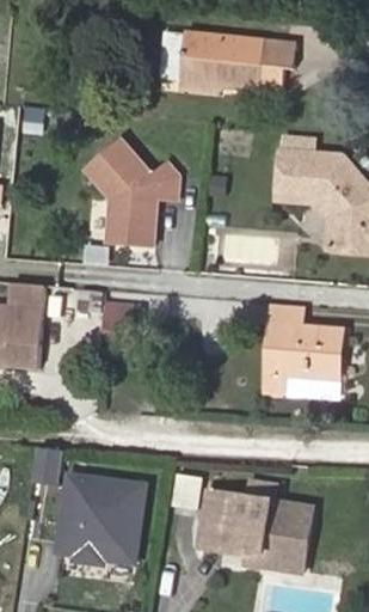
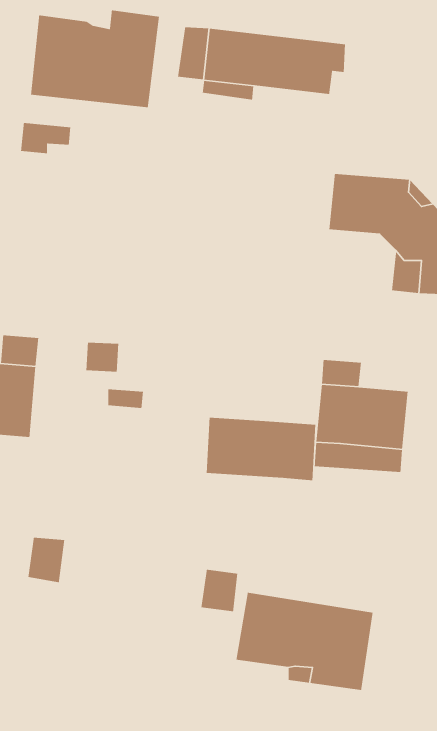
building: none -> [30,9,160,108]
building: [88,134,185,243] -> none
building: none -> [206,417,316,481]
building: [61,476,146,563] -> none

